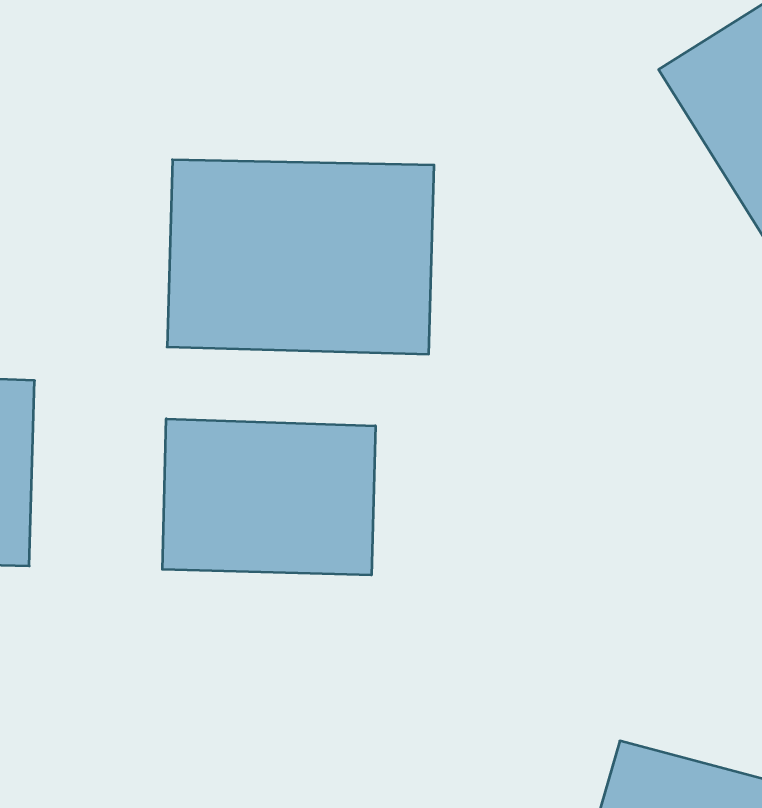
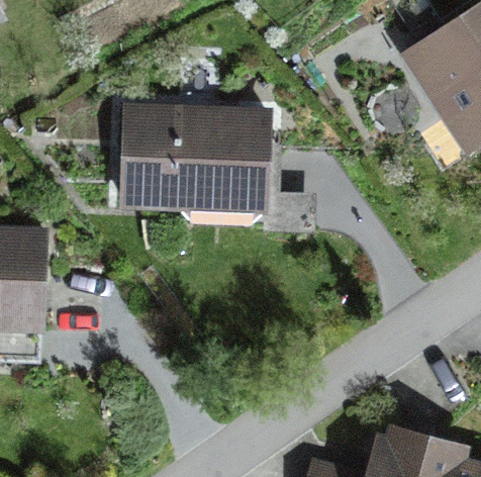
building: [162,419,375,575] -> none

